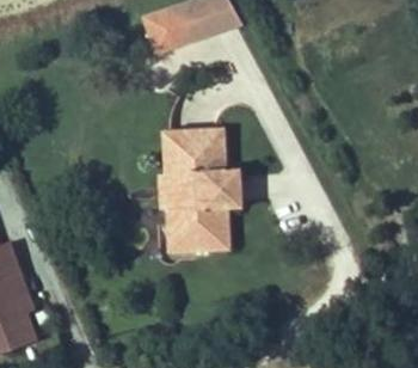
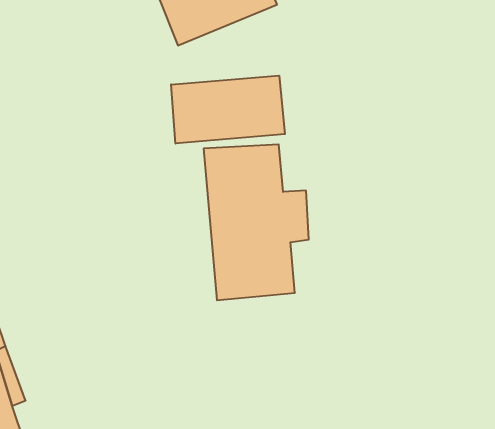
building: none -> [171,76,285,144]

